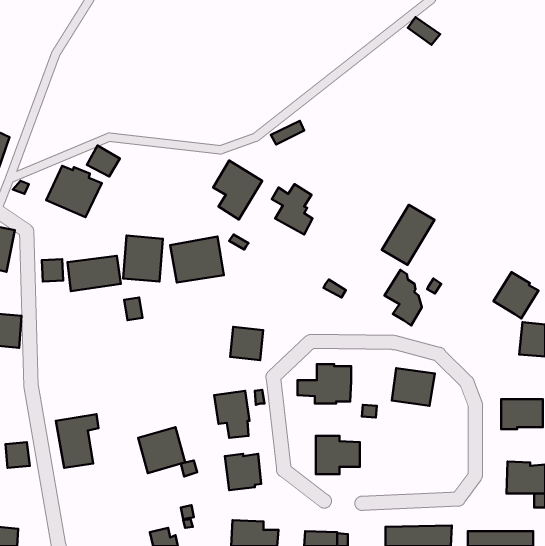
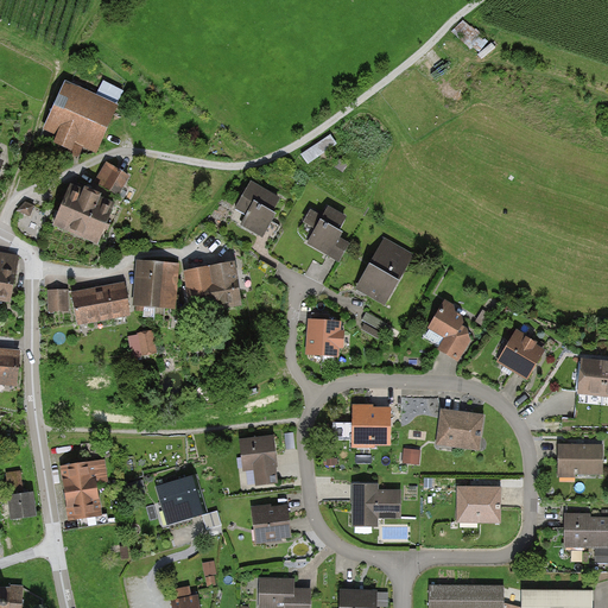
building: none -> [45,78,125,156]
building: [382,205,434,265] -> [354,238,412,304]
building: [493,272,538,318] -> [494,329,544,380]
building: [230,327,263,360] -> [304,318,341,355]
building: none -> [455,486,499,522]

